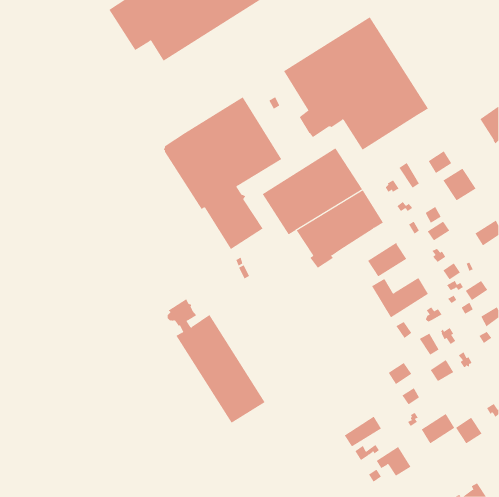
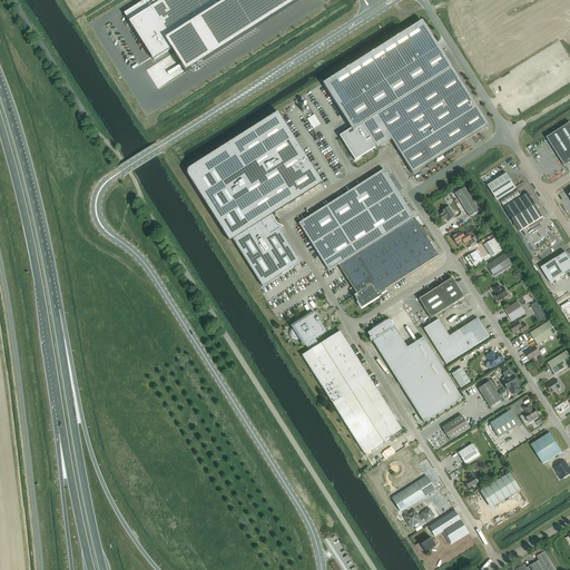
building: none -> [367,317,462,421]
building: [167,299,265,424] -> [291,311,403,453]
building: [455,417,482,444] -> [531,431,562,462]

